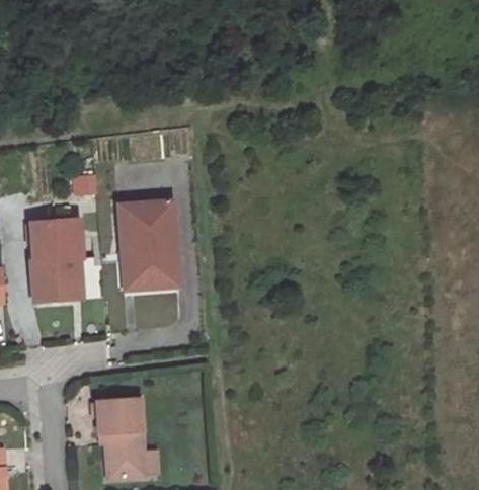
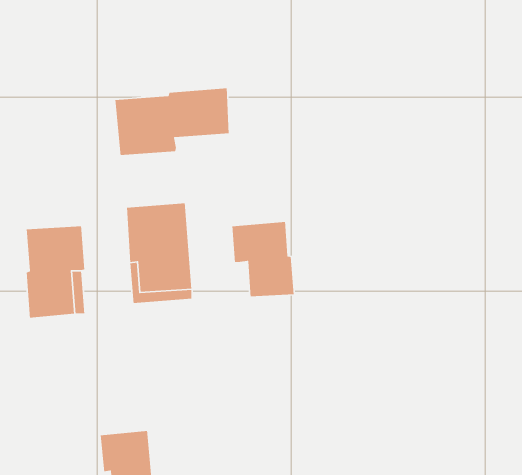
building: none -> [115,88,230,156]
building: none -> [232,221,295,297]

